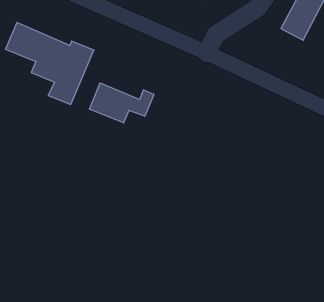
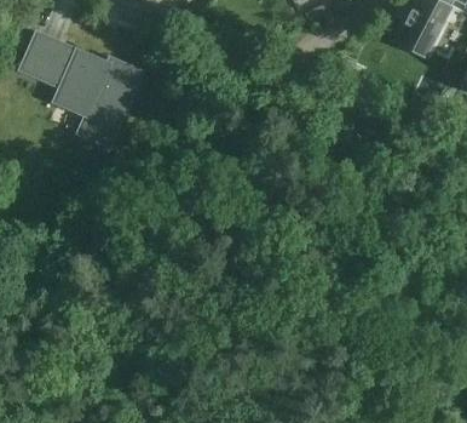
building: [89,83,154,123] -> none

